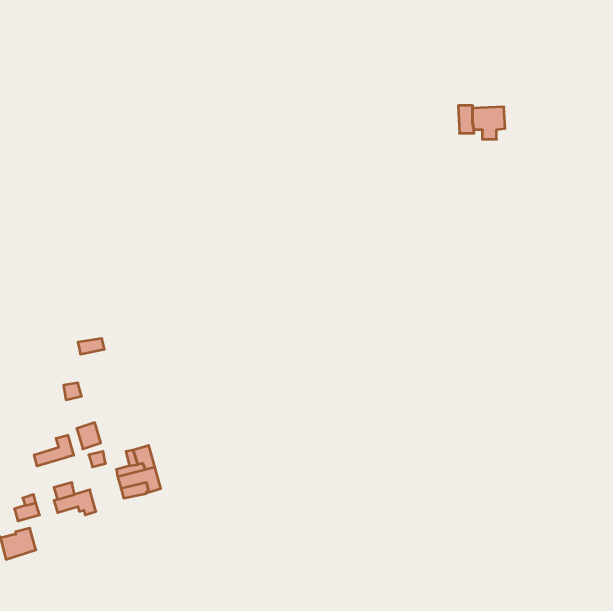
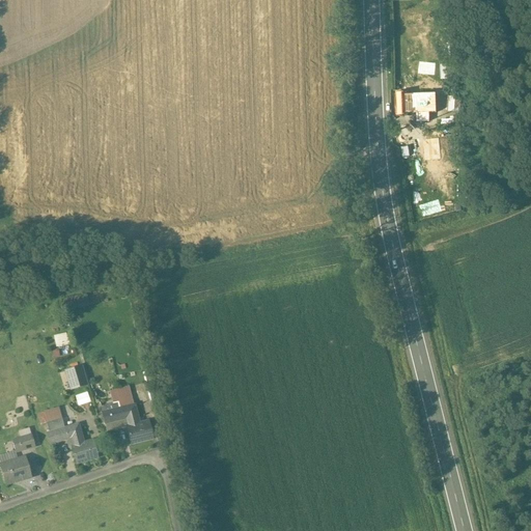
building: [34,435,74,466] -> none
building: none -> [127,420,152,443]
building: none -> [69,439,97,463]

